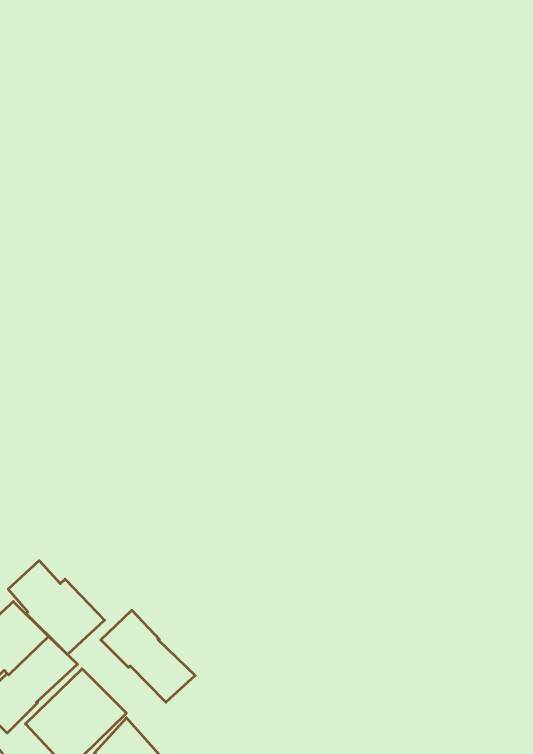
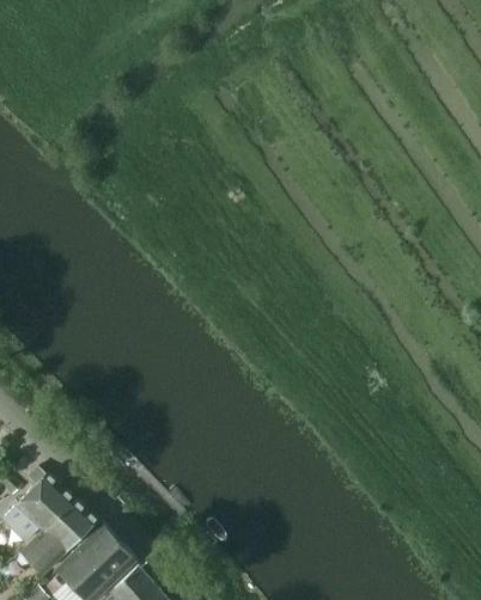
building: [8,561,105,655] -> none
building: [101,610,195,702] -> none

